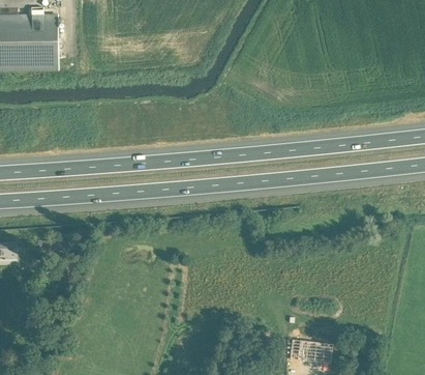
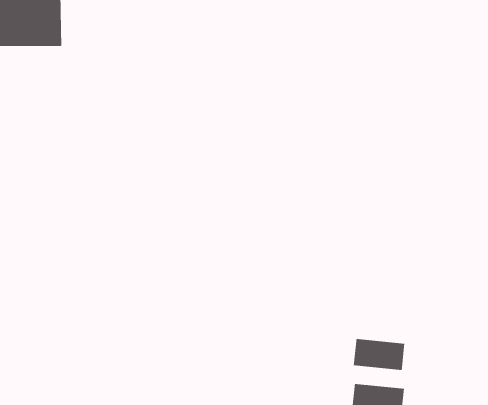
building: none -> [353,338,405,371]

